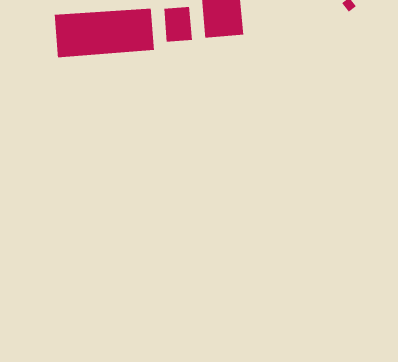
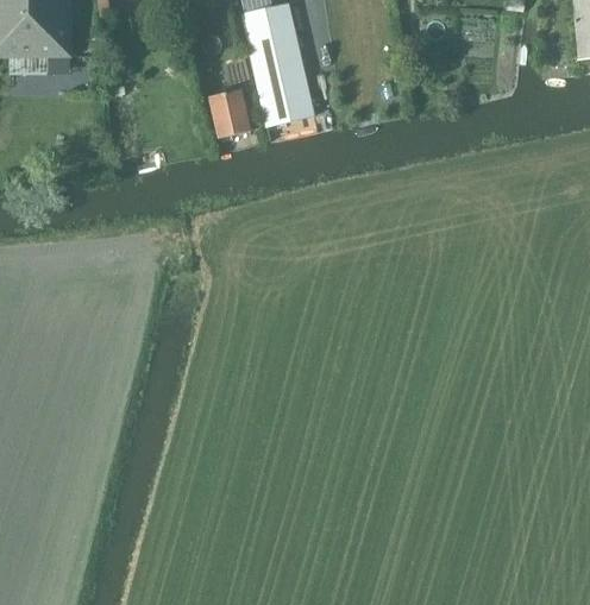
building: [54,8,154,58] -> none

